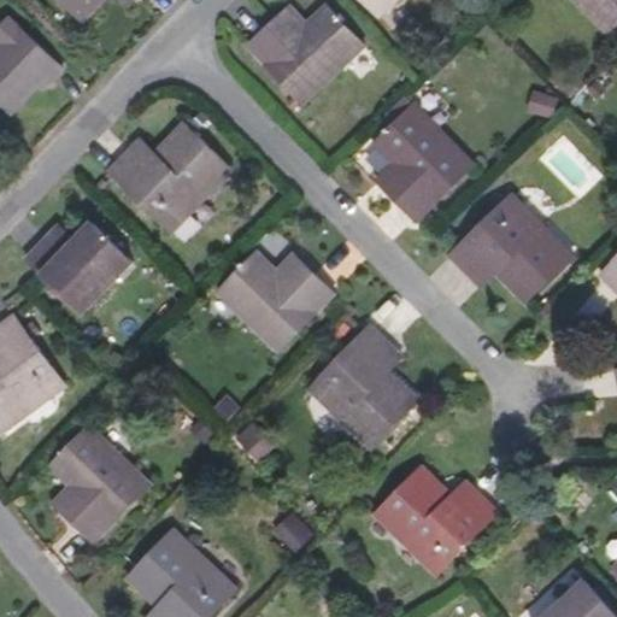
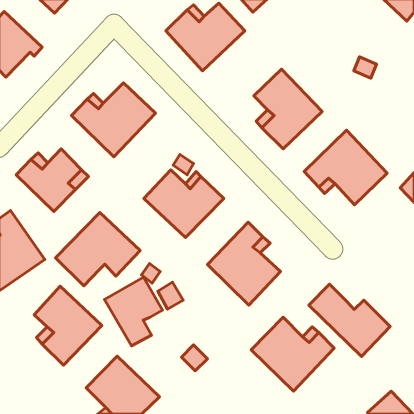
building: none -> [55,213,140,286]
building: none -> [105,277,162,346]
building: none -> [309,284,390,356]

